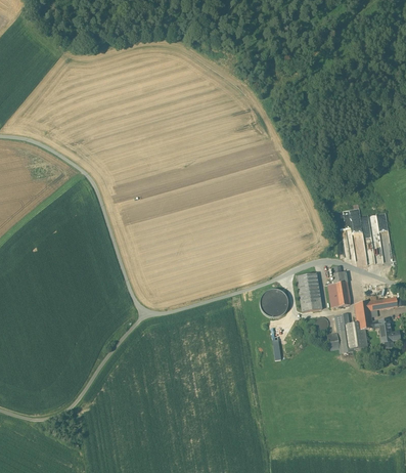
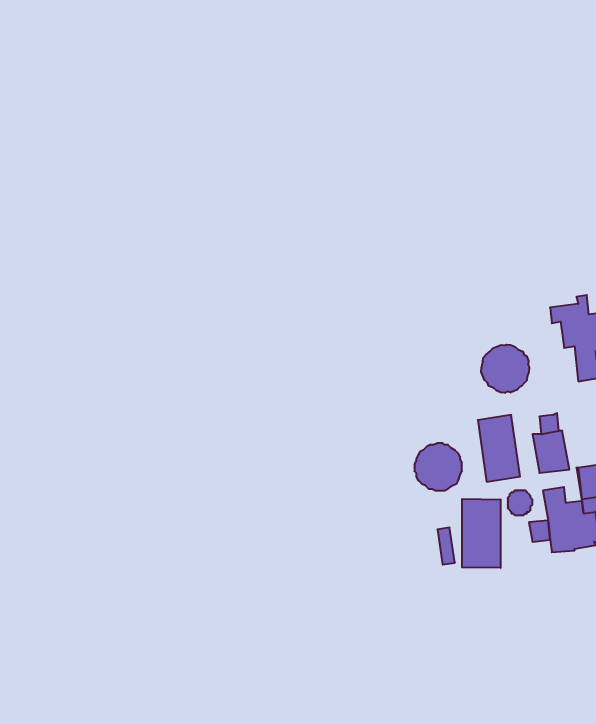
building: none -> [481,345,529,393]
building: none -> [462,499,501,568]

